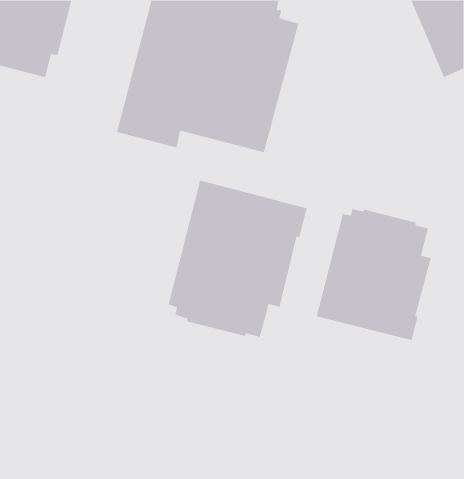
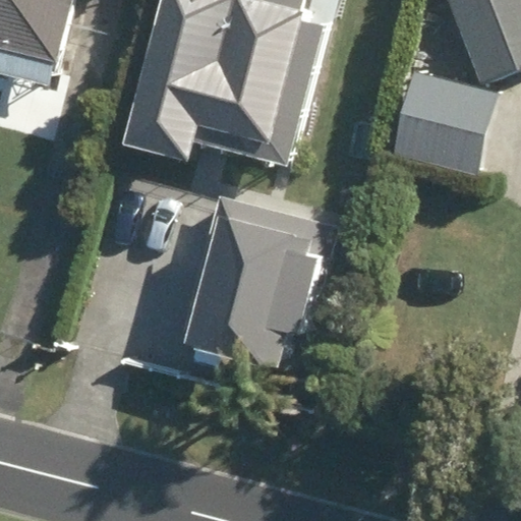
building: none -> [391,71,496,174]
building: [316,209,431,341] -> none

